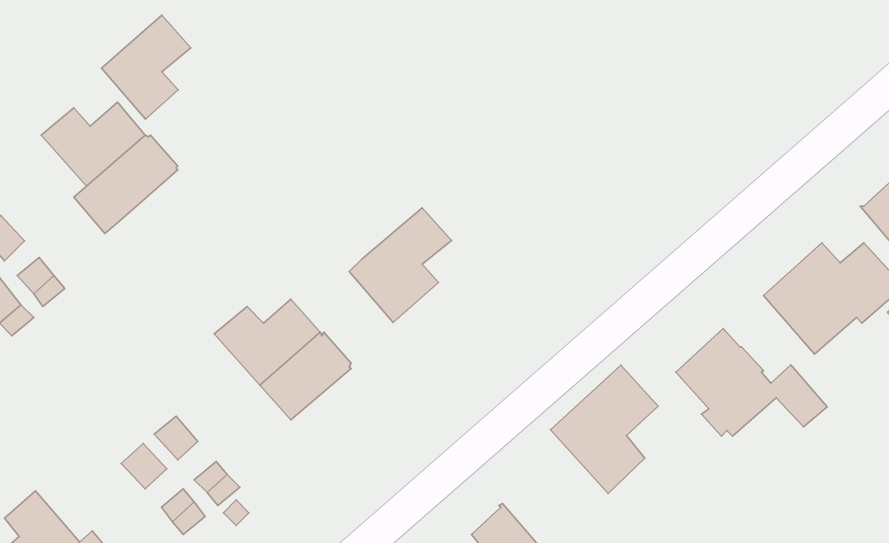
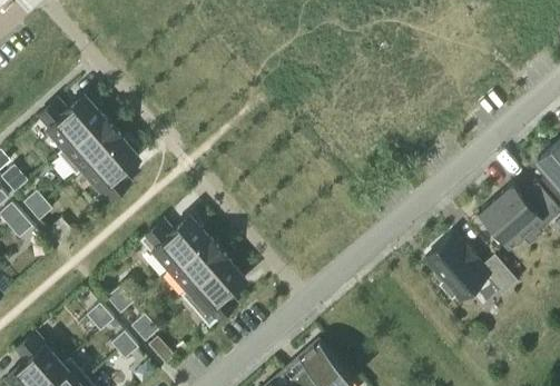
building: [102,15,191,119] -> [85,137,139,200]
building: [349,208,451,323] -> [183,258,245,328]
building: [551,365,658,494] -> none

